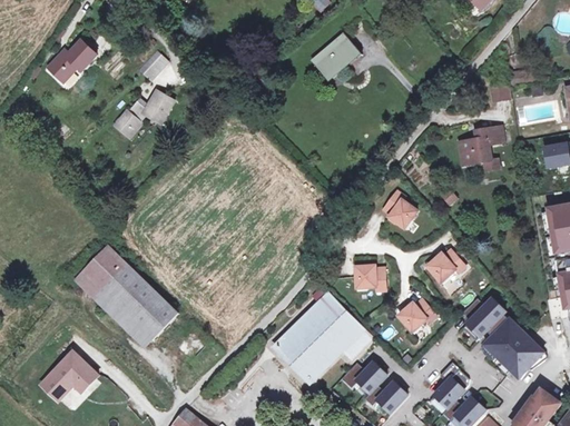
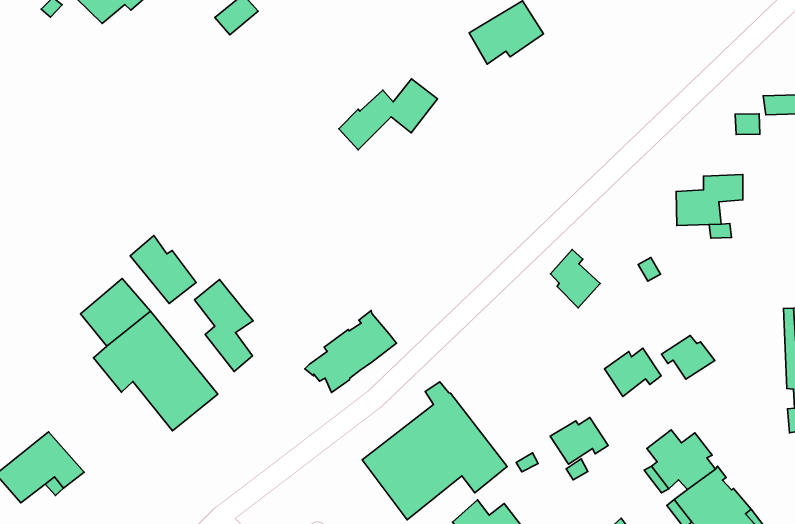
building: [117,85,179,136] -> [339,79,438,150]
building: none -> [130,236,196,303]
building: none -> [661,335,715,379]
building: none -> [195,280,253,372]
building: none -> [305,311,396,392]
building: [355,264,385,289] -> none

